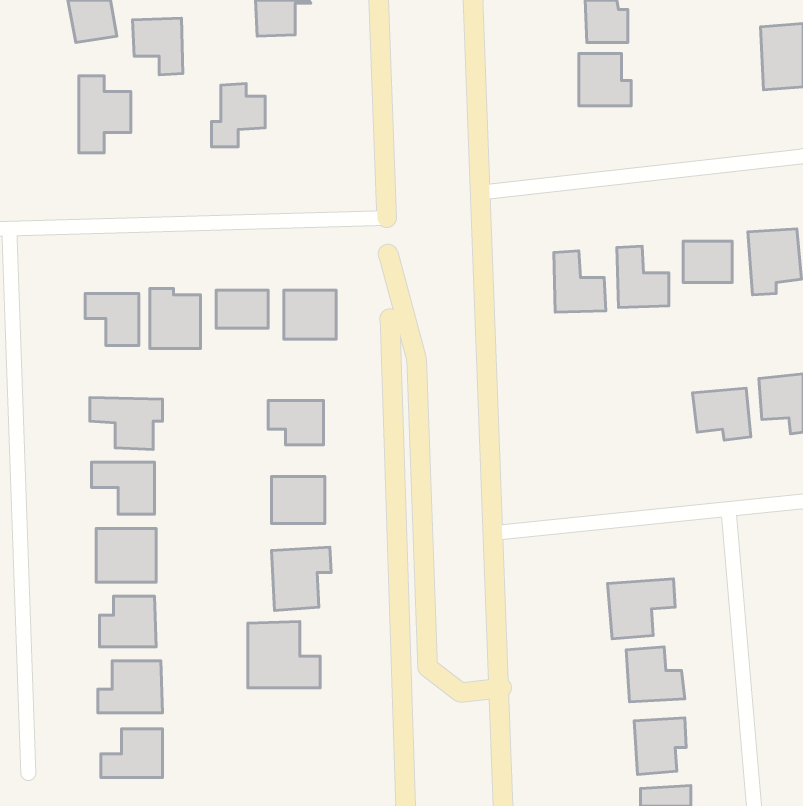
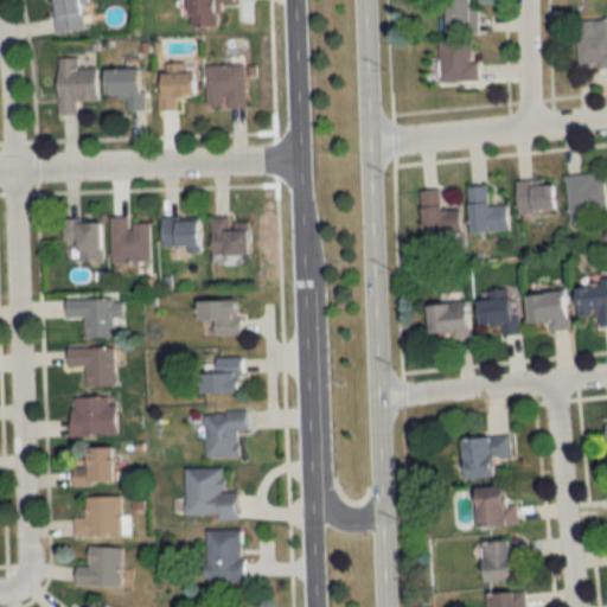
building: [133,18,183,75] -> [108,68,146,110]
building: none -> [207,65,245,107]
building: none -> [473,289,513,336]
building: none -> [423,304,466,338]
building: none -> [206,530,247,581]

